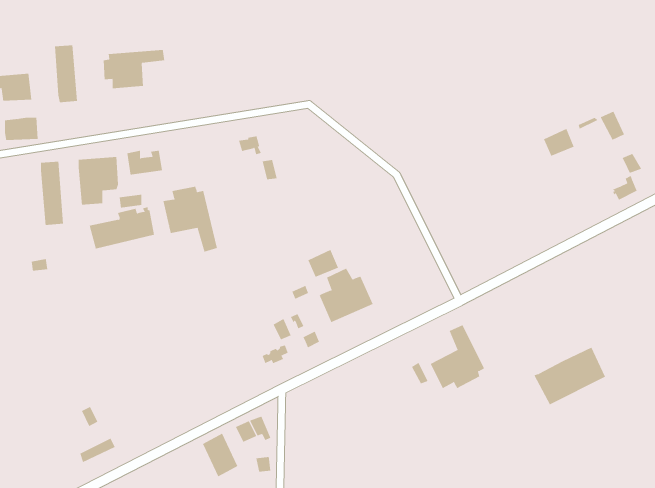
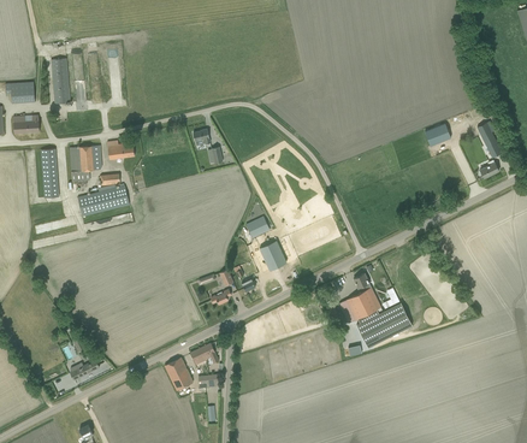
building: [103,49,165,89] -> none
building: [163,186,217,252] -> none
building: [534,347,606,405] -> [356,302,411,347]

